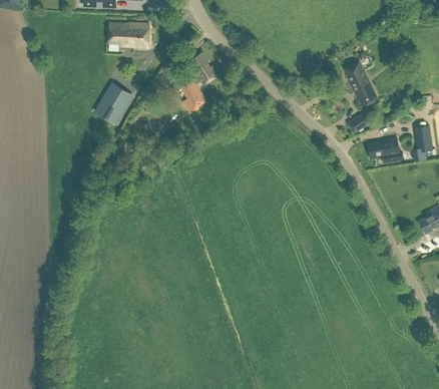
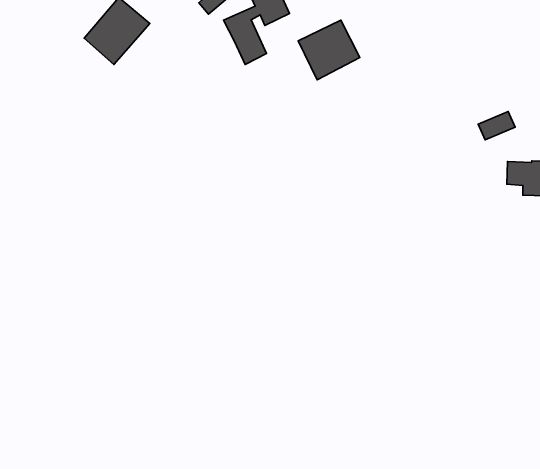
building: [342,60,377,105] -> none
building: none -> [298,20,360,80]

